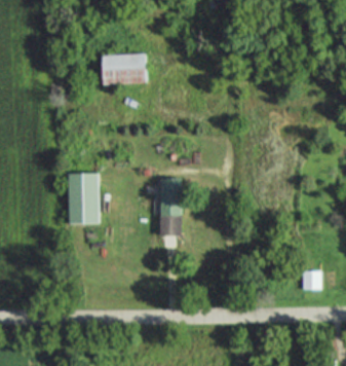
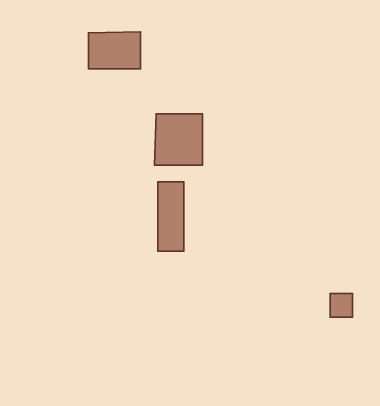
building: none -> [155,114,202,165]
building: [69,173,99,224] -> none

